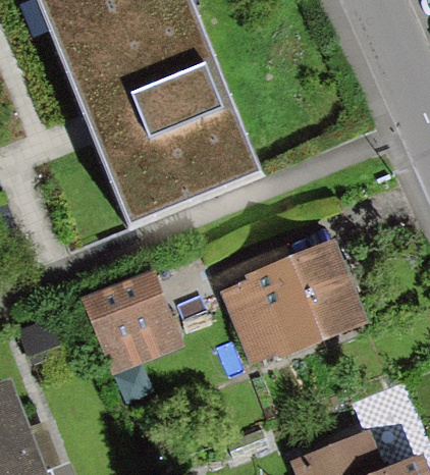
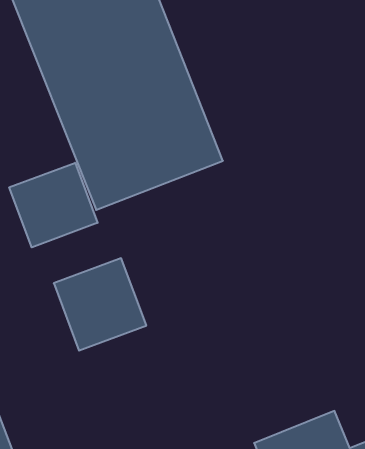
building: none -> [9,163,98,247]
building: [221,246,363,367] -> none

